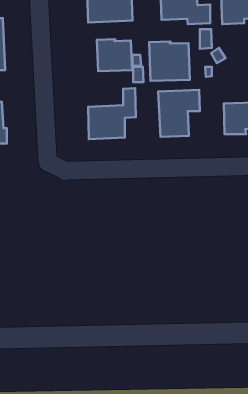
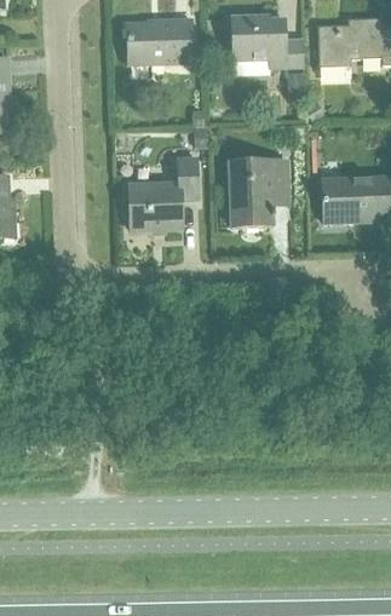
building: [97,39,132,71] -> none
building: [149,41,190,81] -> none

